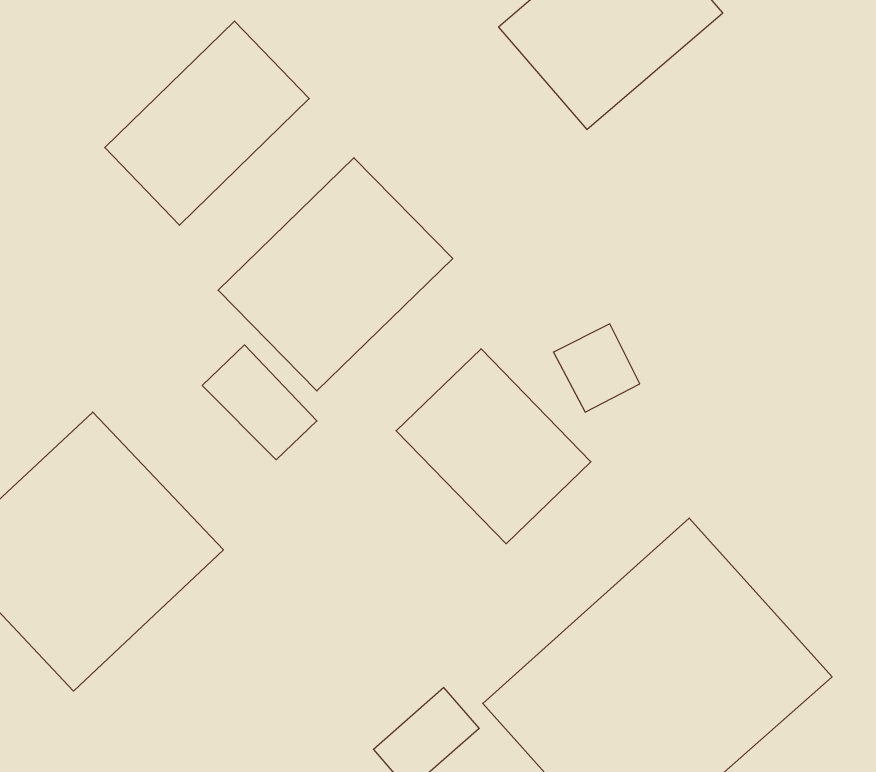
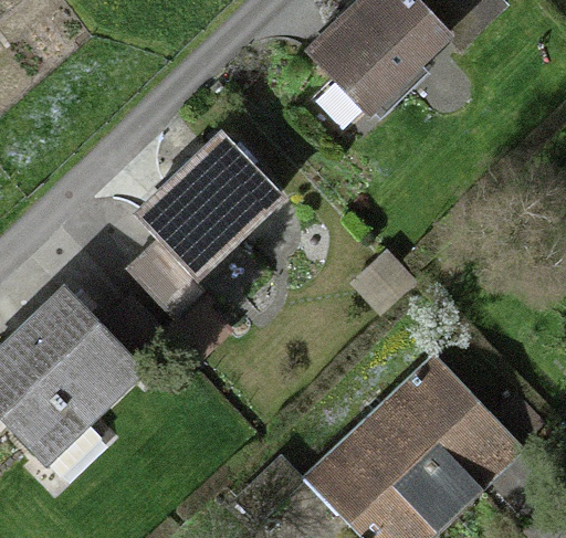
building: [105,21,309,225] -> none
building: [396,349,591,544] -> none

